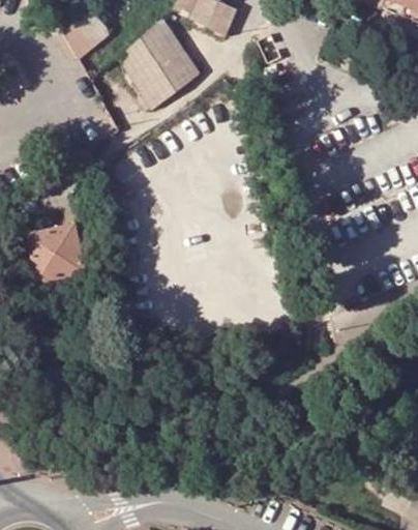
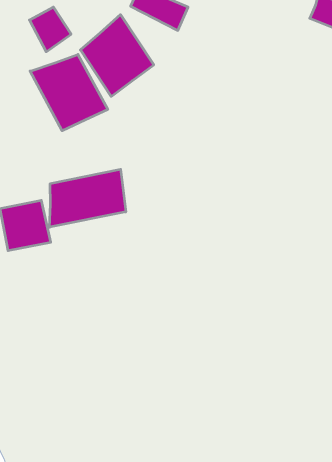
building: none -> [30,54,108,131]
building: none -> [50,169,126,227]

